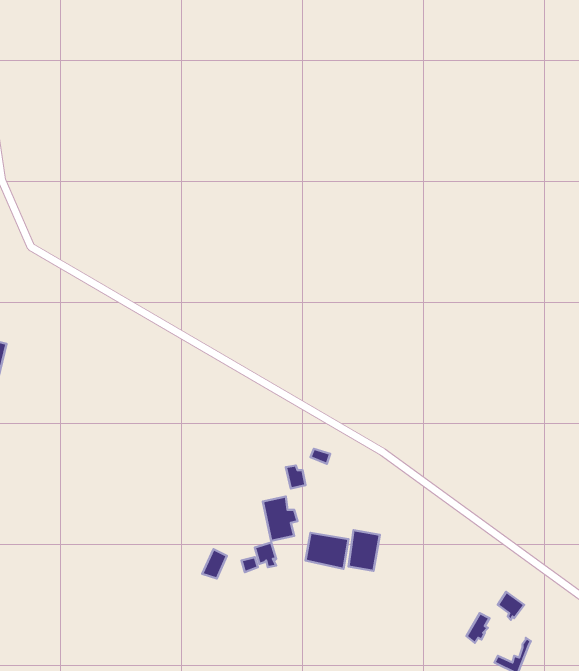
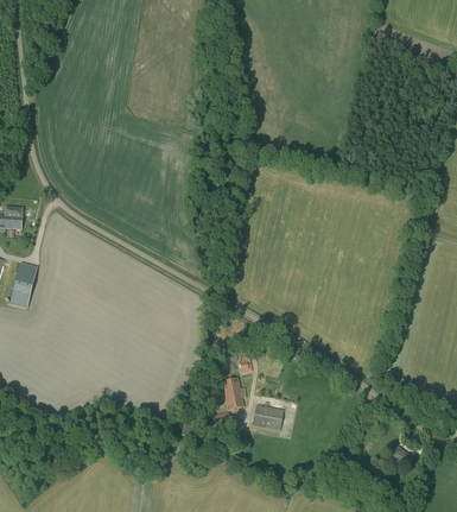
building: [349,530,380,571] -> none

